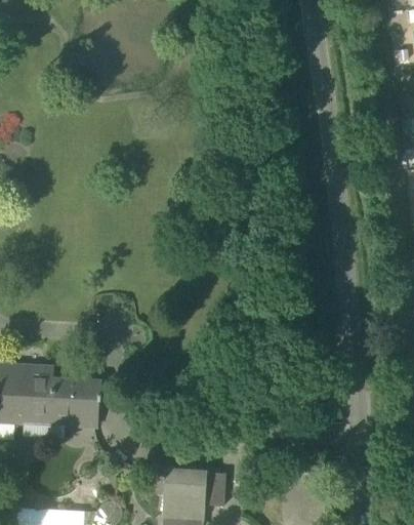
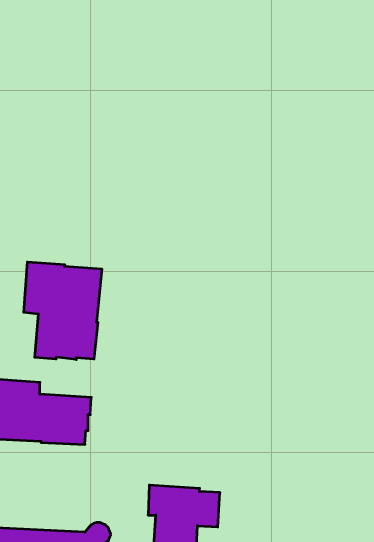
building: none -> [24,262,102,360]

